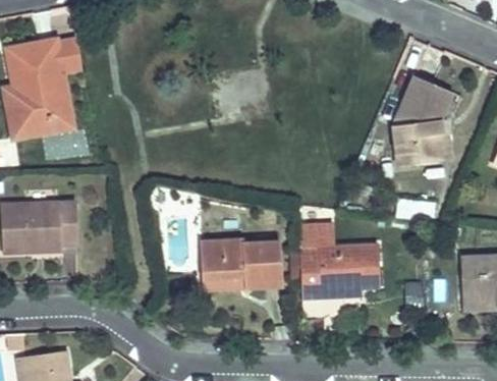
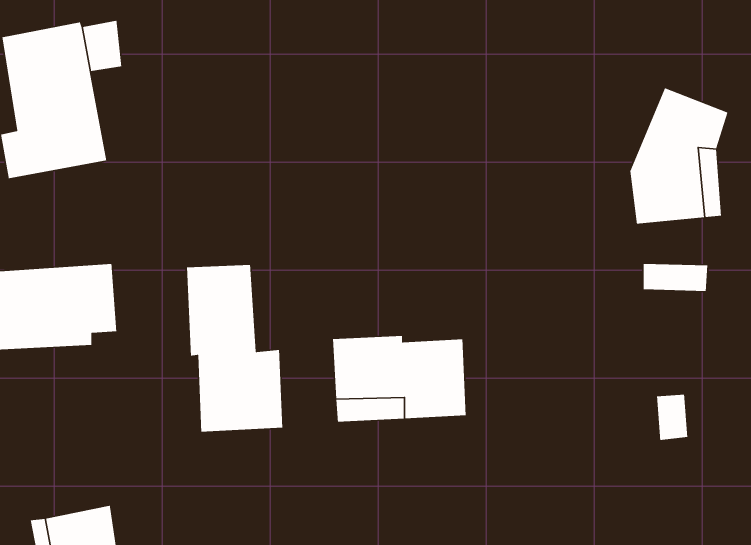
building: none -> [186,264,283,433]
building: [301,224,382,326] -> none

